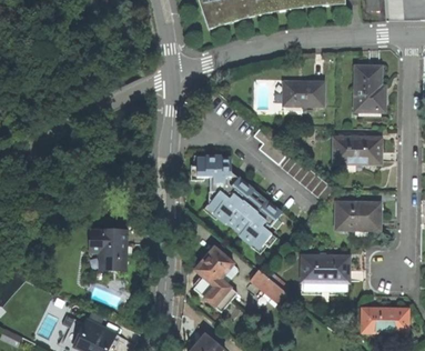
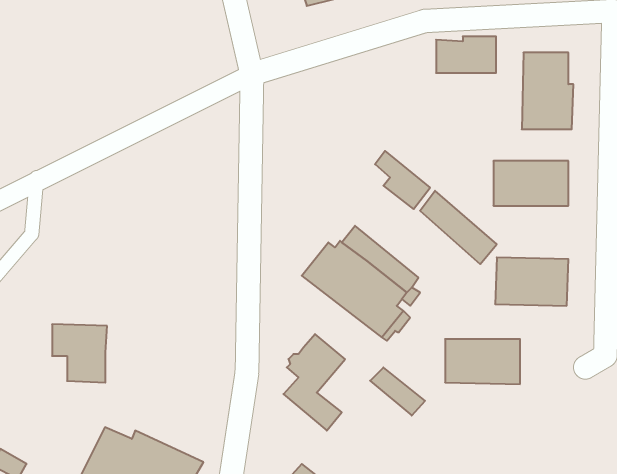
building: [283,82,323,107] -> [436,36,496,73]
building: [191,153,233,191] -> none
building: [88,230,124,269] -> [52,324,107,383]
building: [362,309,407,332] -> none

